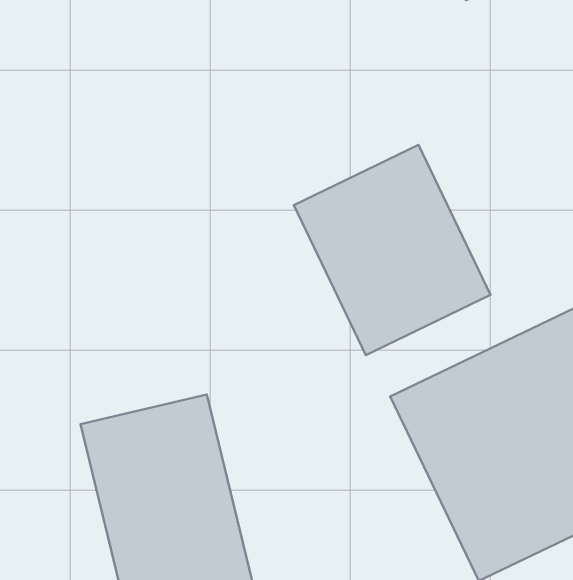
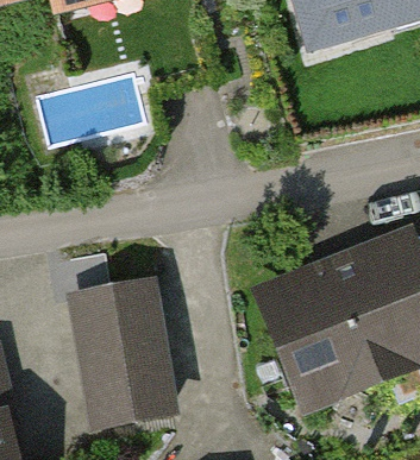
building: [294,145,490,355] -> none

